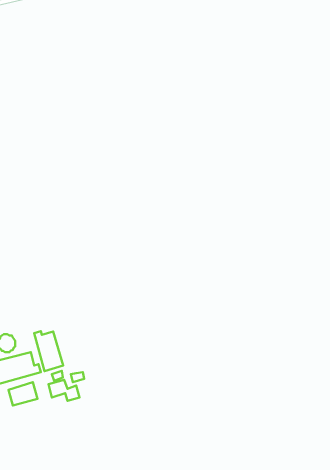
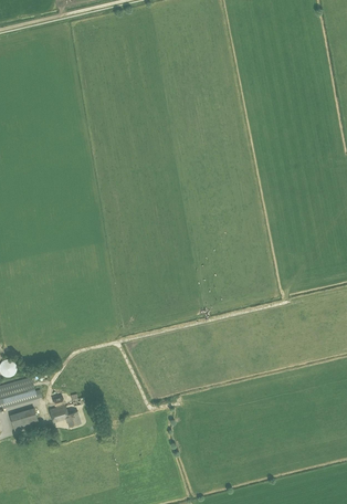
building: [34,331,63,371] -> none

